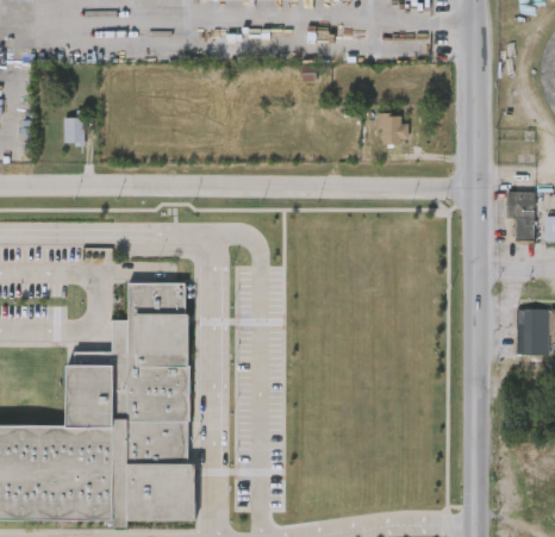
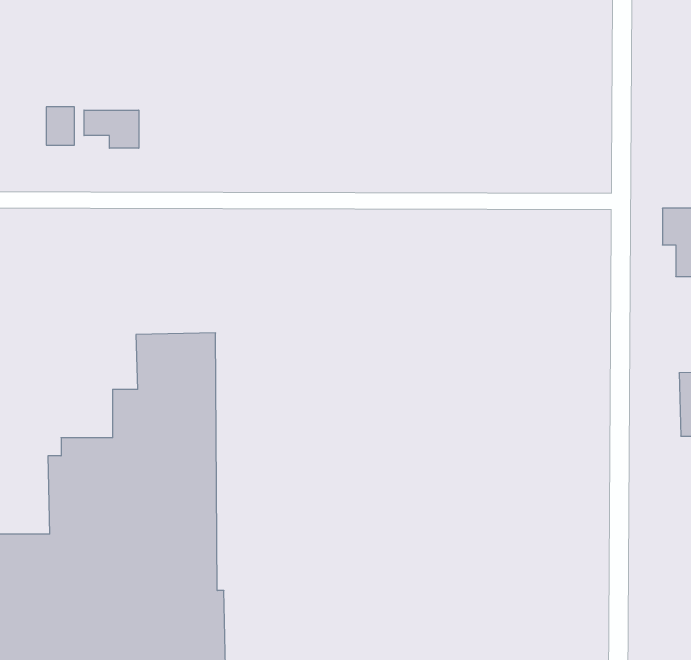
building: [381,117,409,146] -> none
building: none -> [84,110,139,148]

